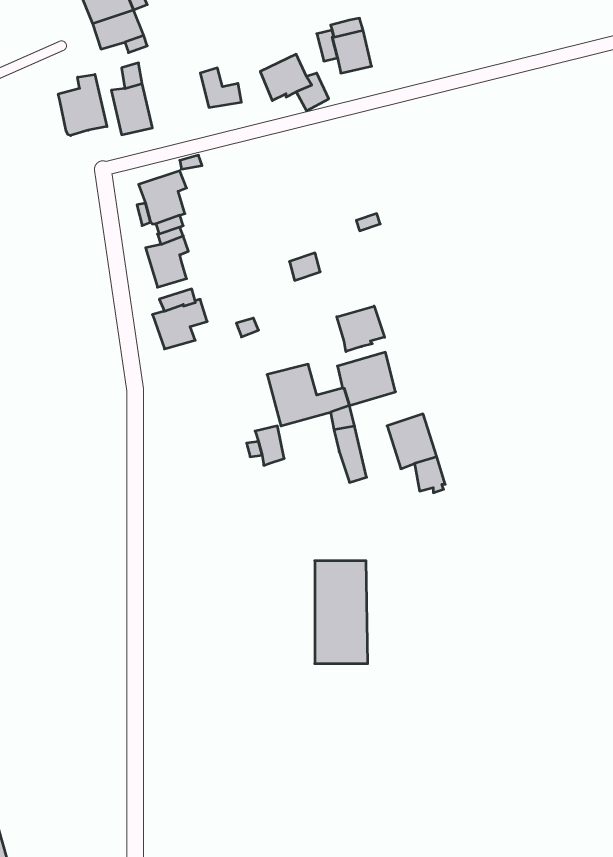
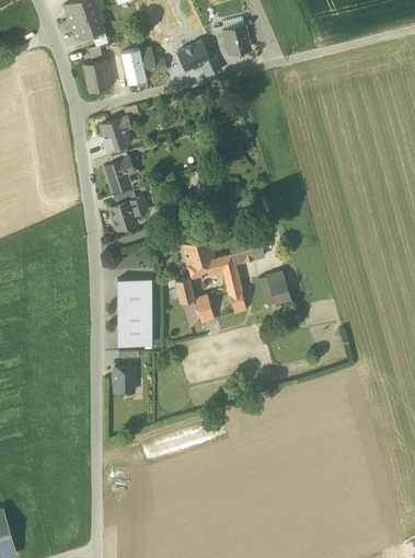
building: none -> [122,50,147,84]
building: [58,74,107,136] -> none
building: [337,306,385,352] -> none
building: none -> [184,295,215,328]
building: [315,561,368,664] -> [118,280,152,346]
building: none -> [115,368,134,394]

